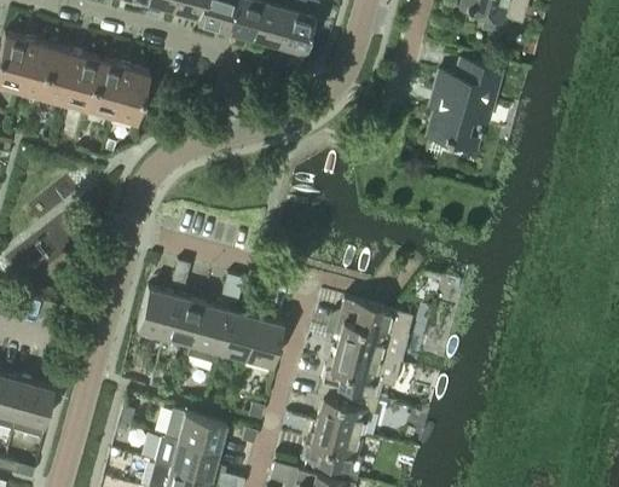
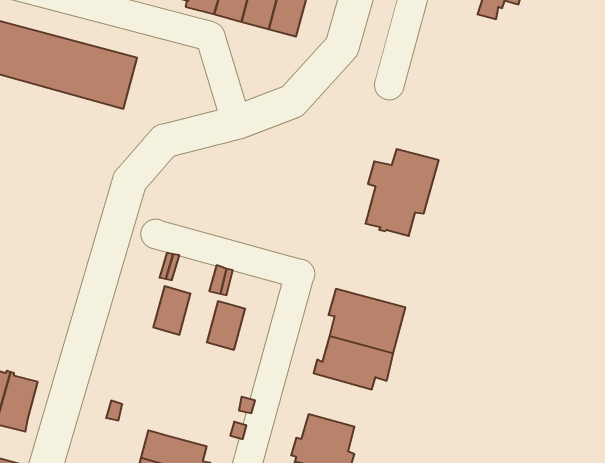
building: [428,58,499,143] -> [365,149,439,236]
building: [138,288,178,335] -> none
building: [189,302,230,363] -> none
building: [243,317,284,375] -> none
building: [318,379,380,431] -> none
building: [166,408,226,451] -> none

